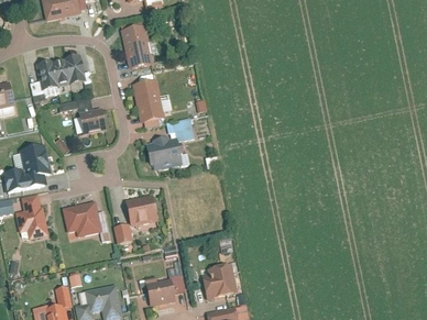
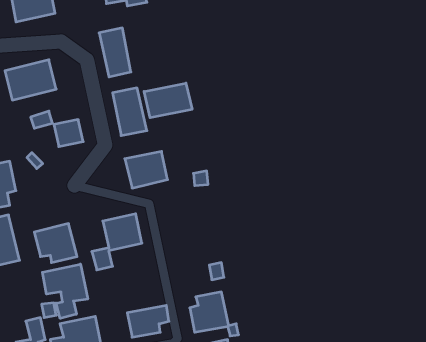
building: none -> [144,83,192,118]
building: none -> [42,264,88,318]

